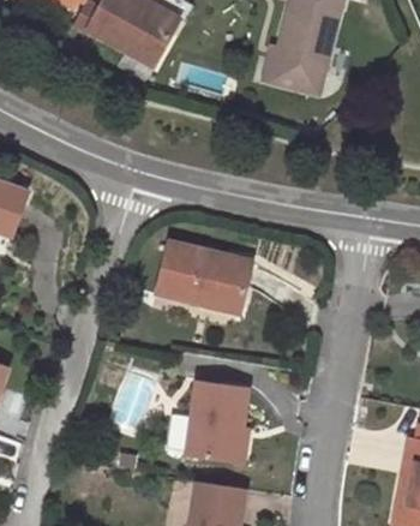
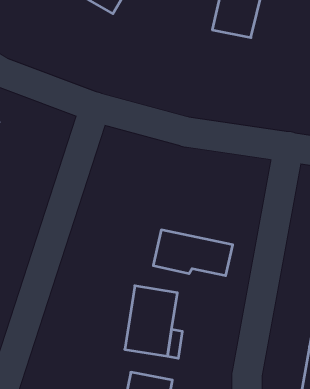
building: [156,253,252,309] -> [153,230,233,276]

